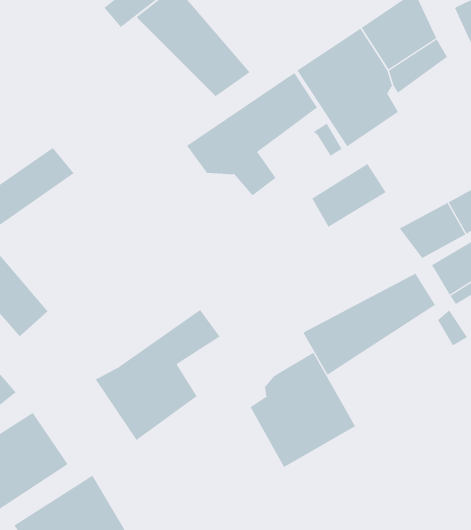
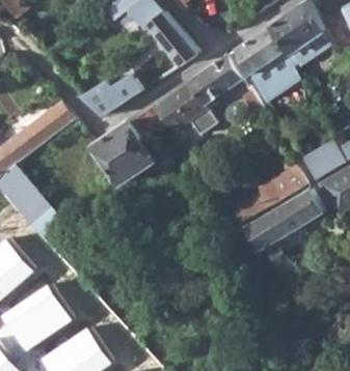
building: none -> [76,74,143,121]
building: [311,163,386,228] -> [258,163,308,206]
building: [95,309,220,441] -> [83,103,168,192]
building: [250,352,356,468] -> none

